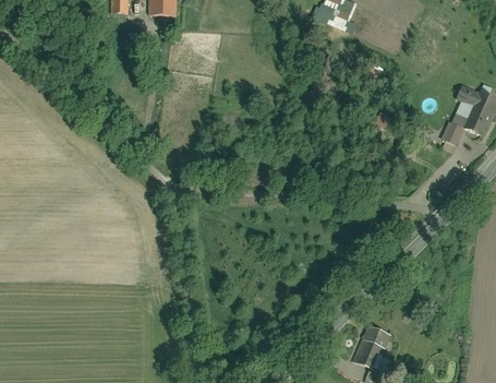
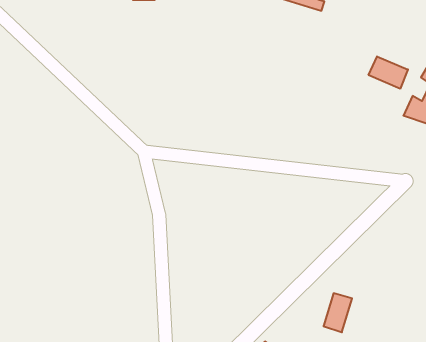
building: none -> [369,56,408,89]

